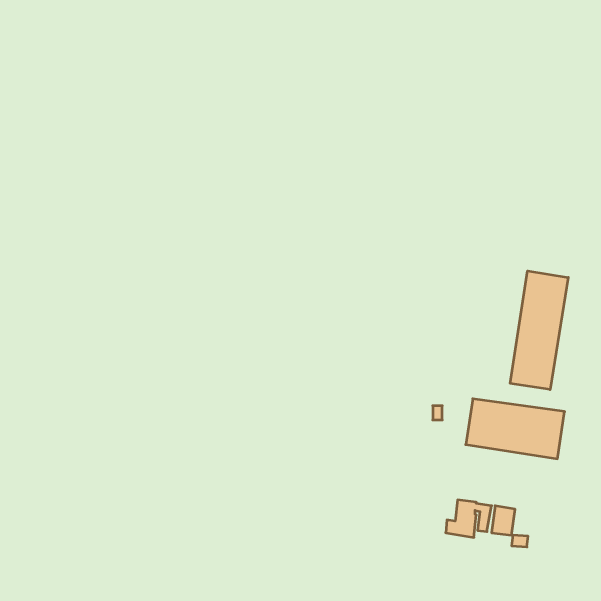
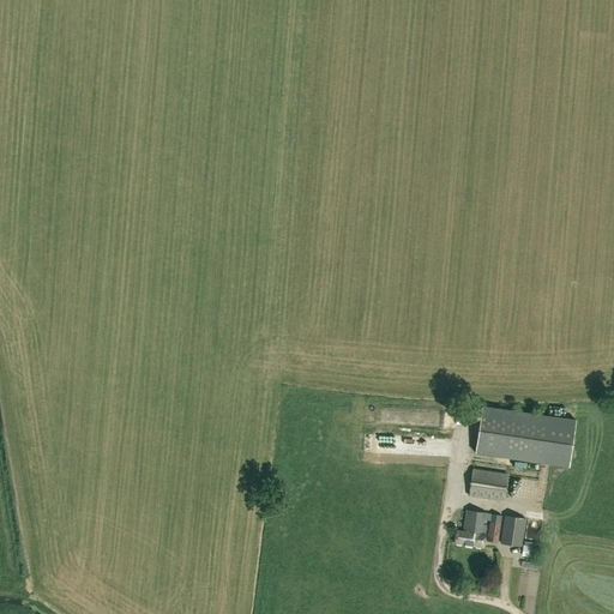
building: [510,271,568,390] -> none
building: none -> [469,469,507,501]

